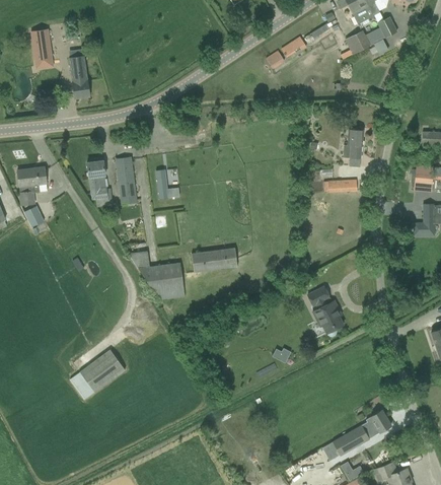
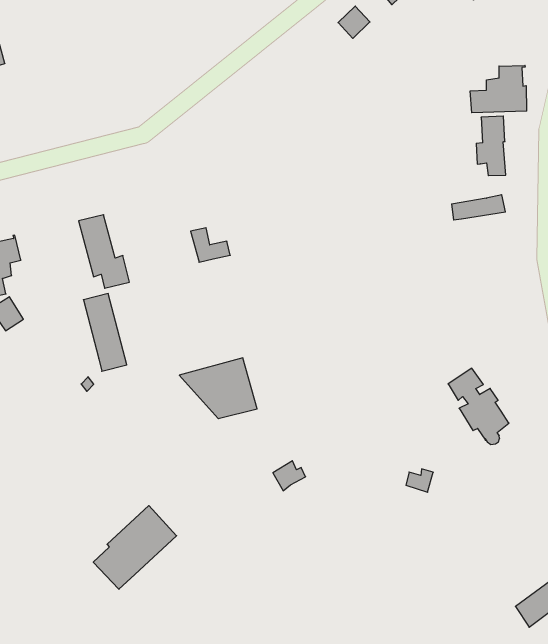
building: [68,49,89,97] -> none
building: none -> [470,65,527,113]
building: [115,156,137,205] -> [83,294,127,371]
building: [192,246,237,271] -> none

